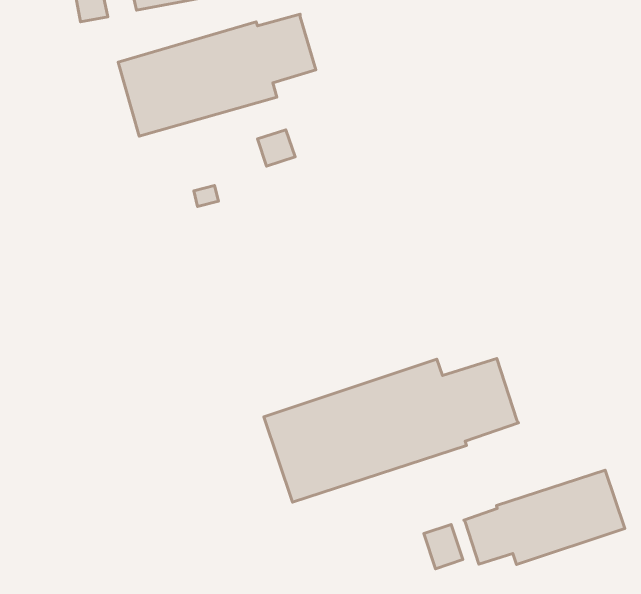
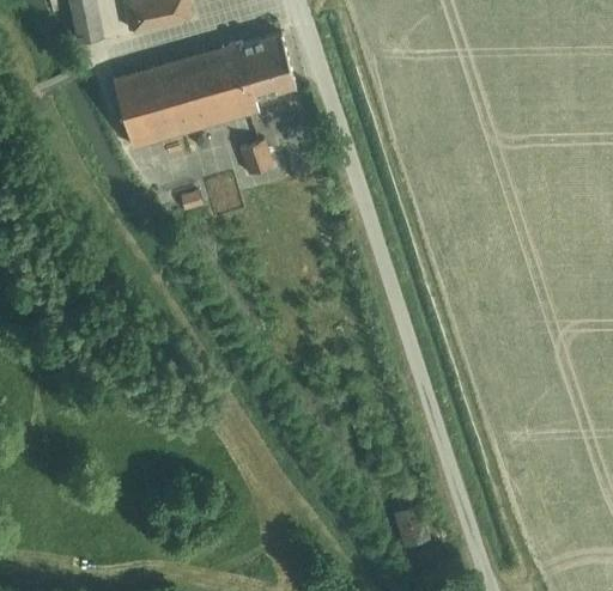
building: [264,358,519,502] -> none
building: [464,470,625,565] -> none

